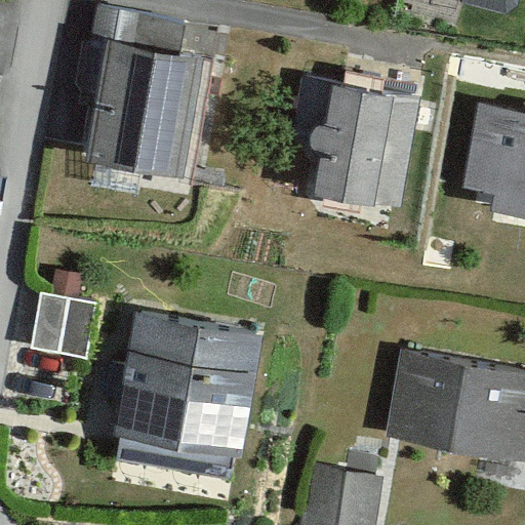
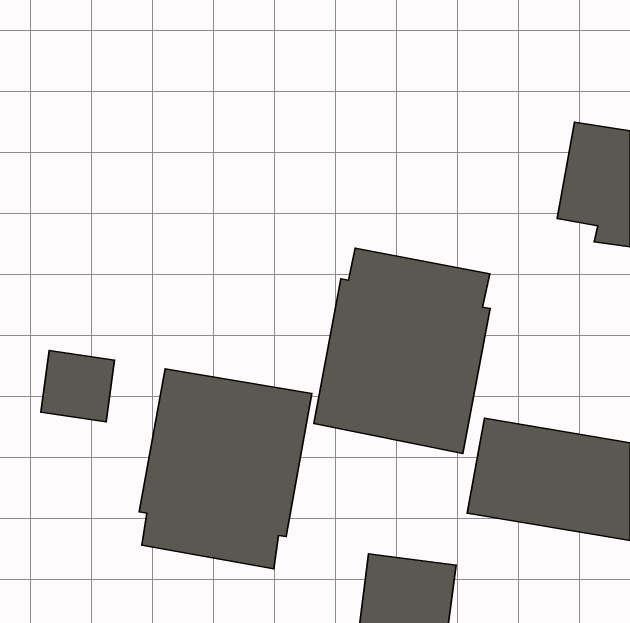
building: [84,18,209,174] -> none
building: [294,79,417,206] -> none
building: none -> [314,248,490,454]

